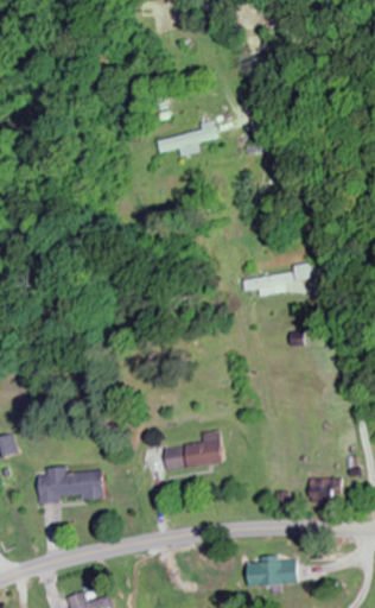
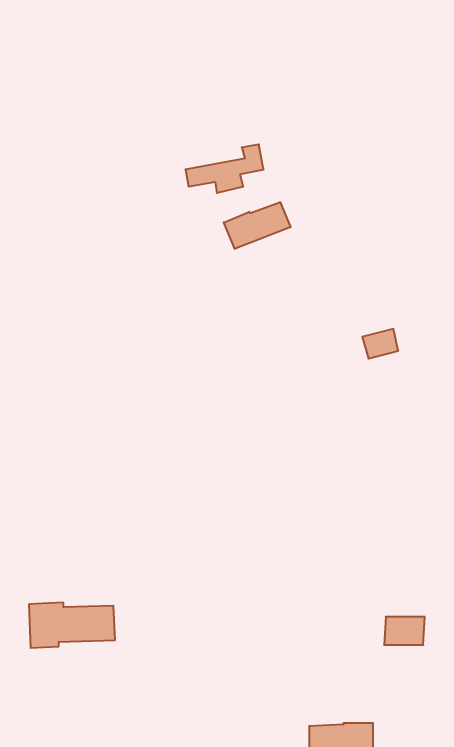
building: none -> [224,202,291,249]
building: [241,274,292,296] -> none
building: [159,431,222,473] -> none

